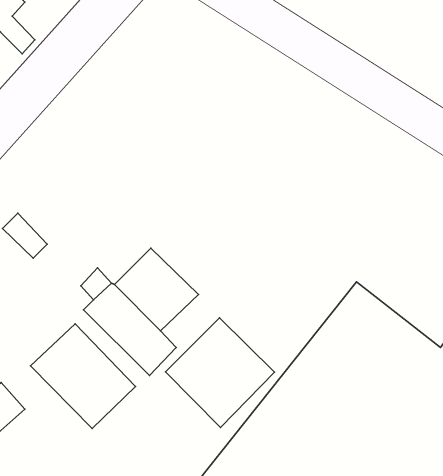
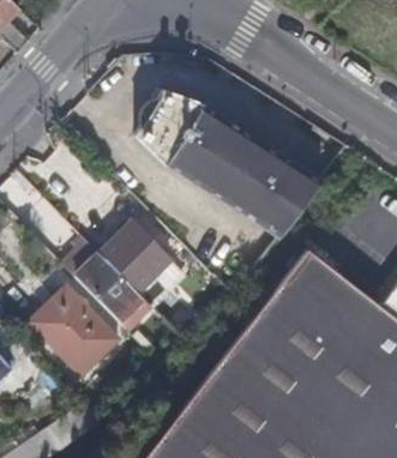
building: none -> [132,89,315,231]
building: [165,318,275,428] -> none

